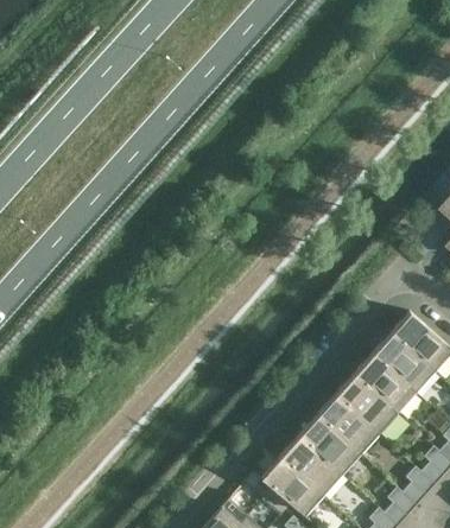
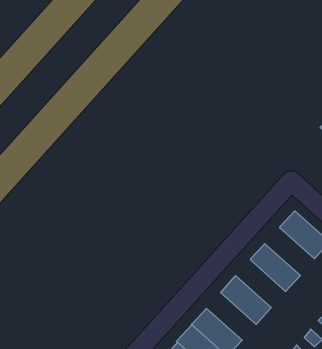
building: [370,335,433,395] -> none
building: [334,375,397,435] -> none
building: [297,416,360,477] -> none

